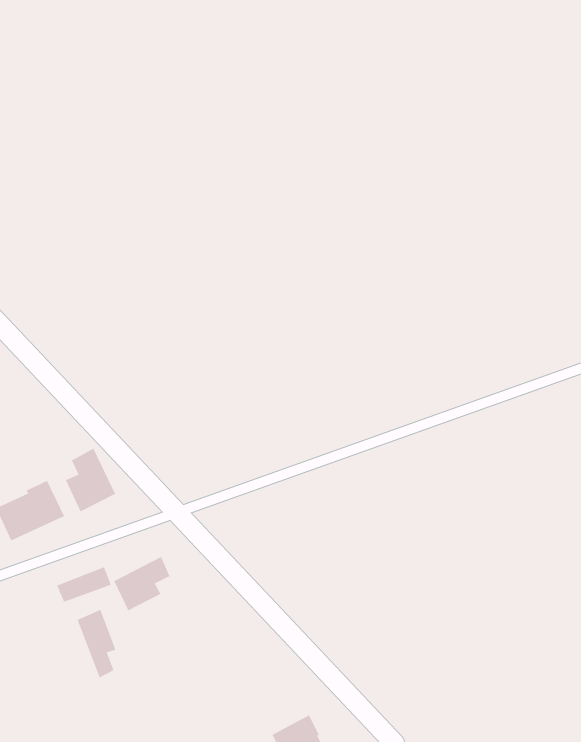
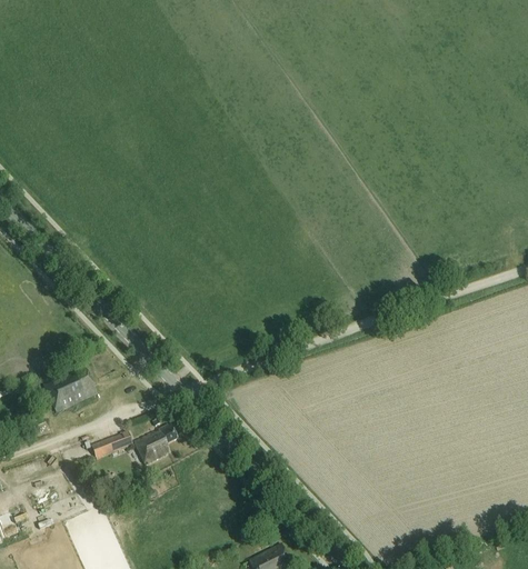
building: [65,447,116,512] -> none
building: [76,609,117,679] -> none

